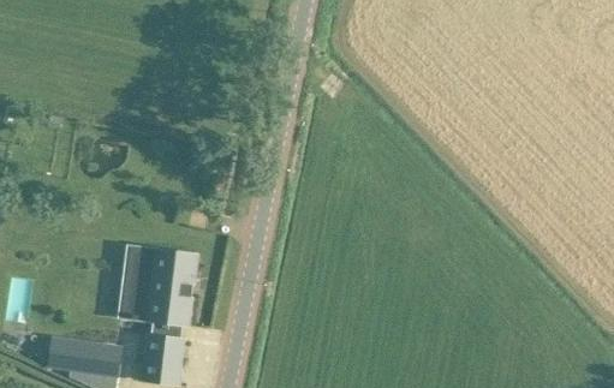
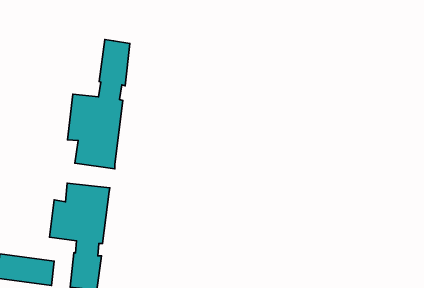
building: none -> [67,40,130,169]

